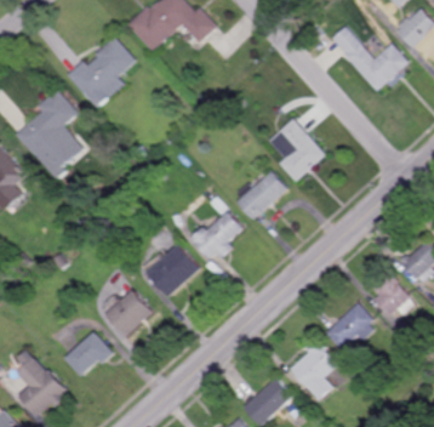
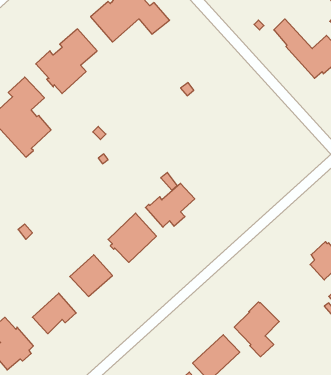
building: [269,120,326,183] -> none
building: [238,172,289,218] -> none
building: [324,302,371,348] -> none

